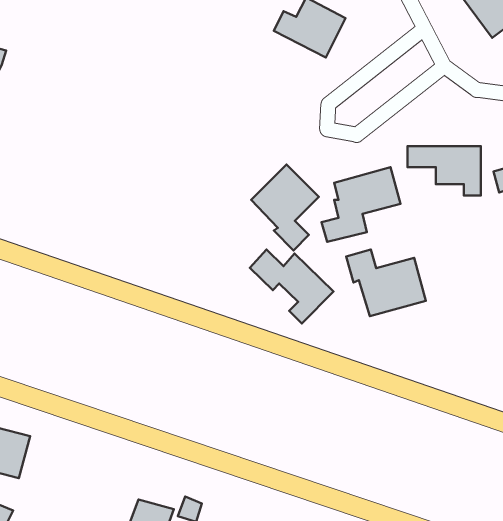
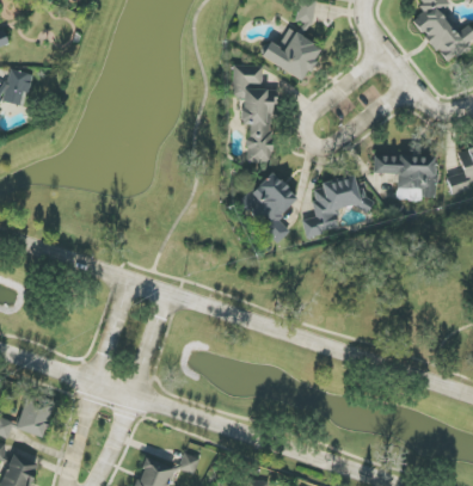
building: none -> [233,66,274,162]
building: [250,249,334,323] -> none
building: [346,250,426,316] -> none

